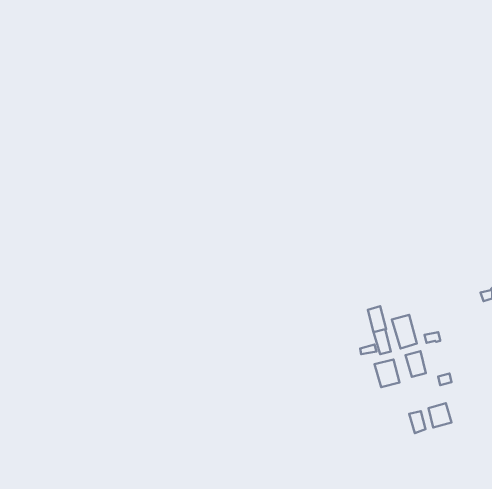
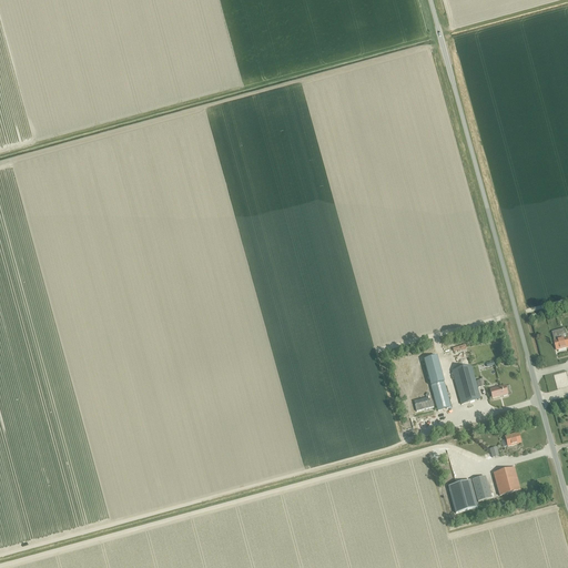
building: [406,351,426,377] -> none
building: [374,359,399,387] -> [448,478,477,510]

